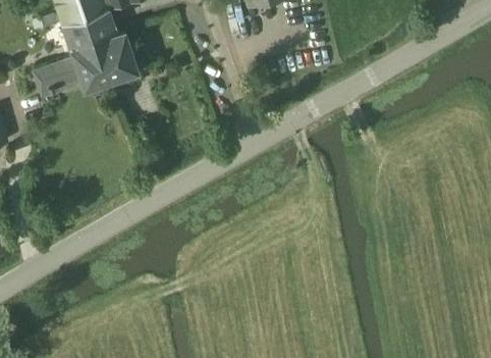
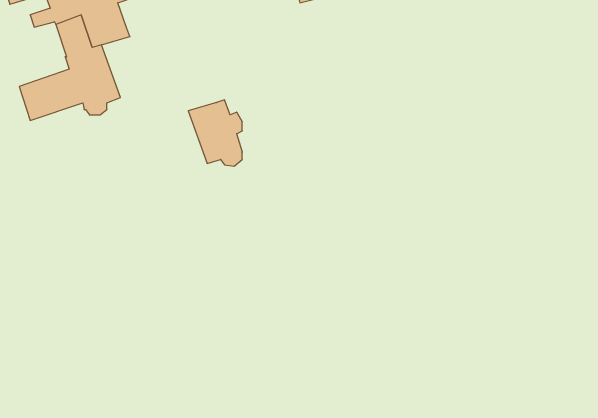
building: [96,31,137,81] -> [188,100,242,166]

